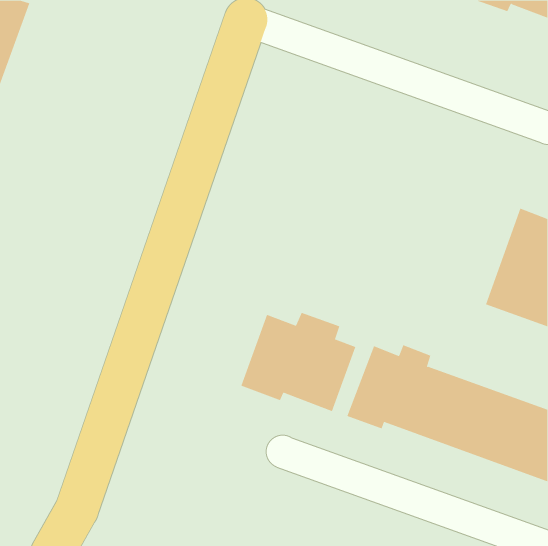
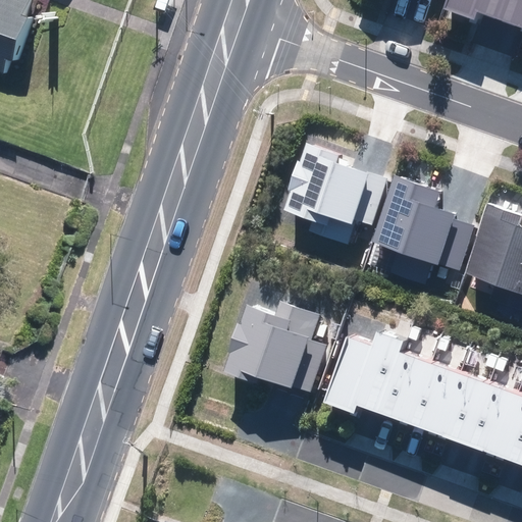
building: none -> [285,144,384,247]
building: none -> [363,175,471,288]

